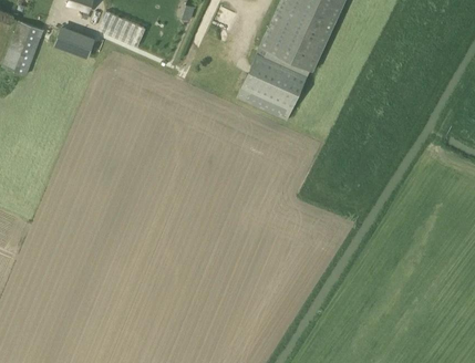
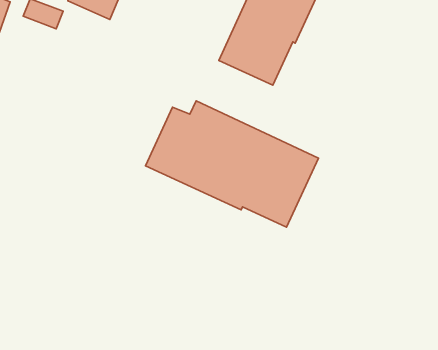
building: none -> [145,101,318,227]

